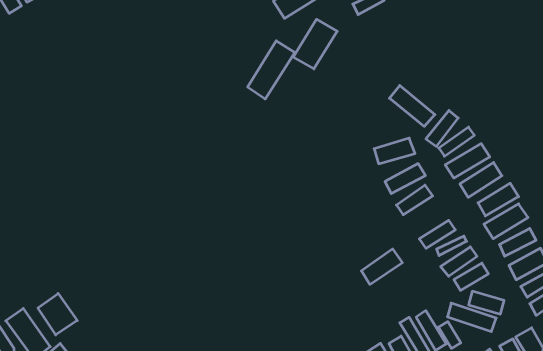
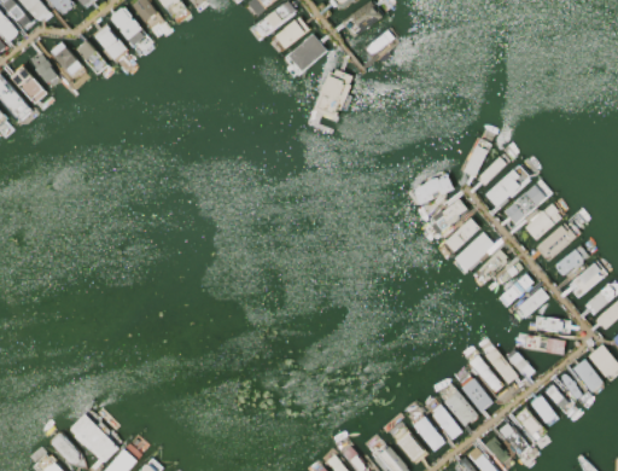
building: [248,41,295,99] -> none
building: [389,85,435,126] -> none
building: [361,249,402,284] -> [454,232,494,272]
building: [38,293,77,335] -> none

